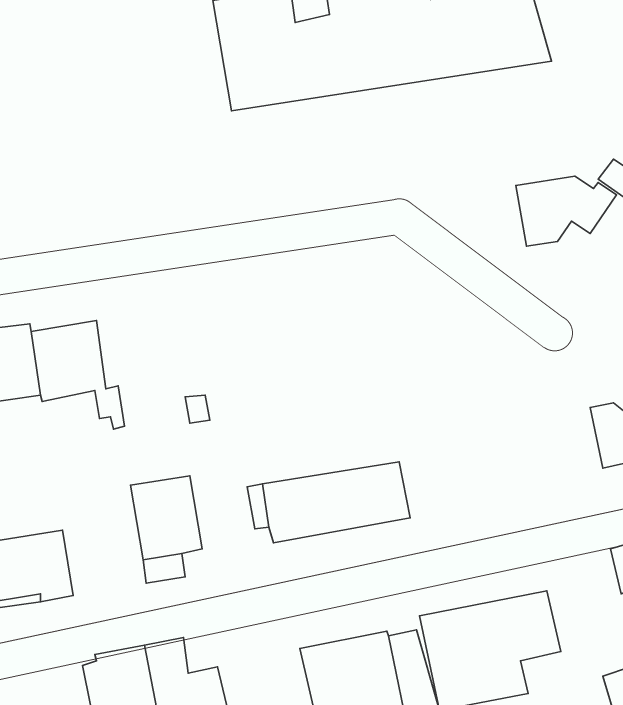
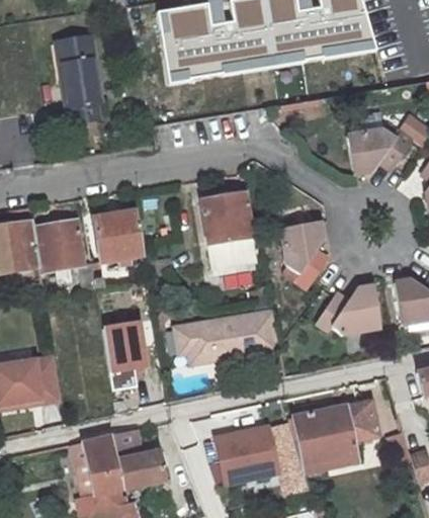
building: none -> [59,31,100,120]
building: none -> [201,191,256,269]
building: none -> [90,211,145,289]
building: none -> [282,223,327,288]
building: none -> [322,282,384,327]

